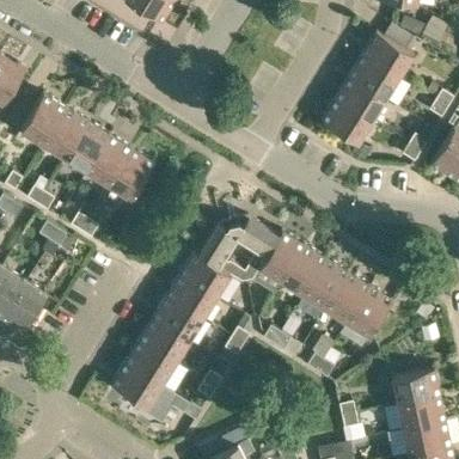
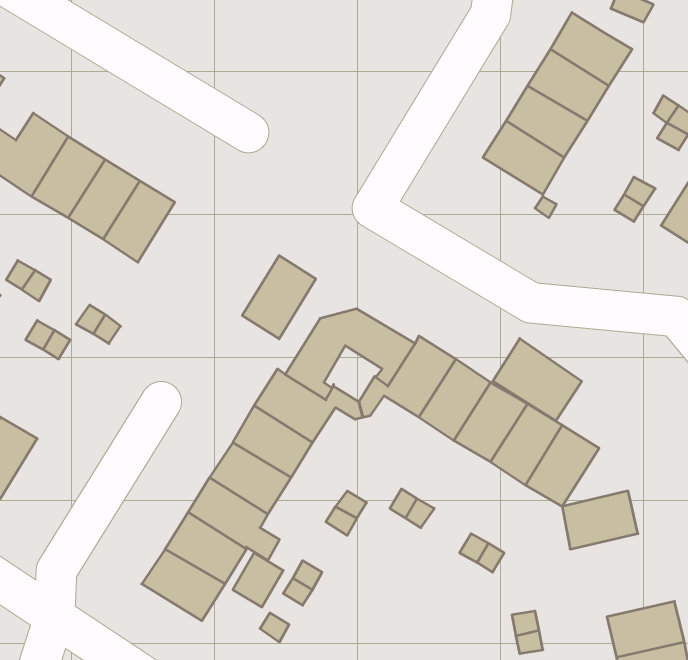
building: [108,149,153,201] -> [242,256,316,339]
building: none -> [493,338,582,421]
building: [392,369,439,405] -> [562,491,638,549]

